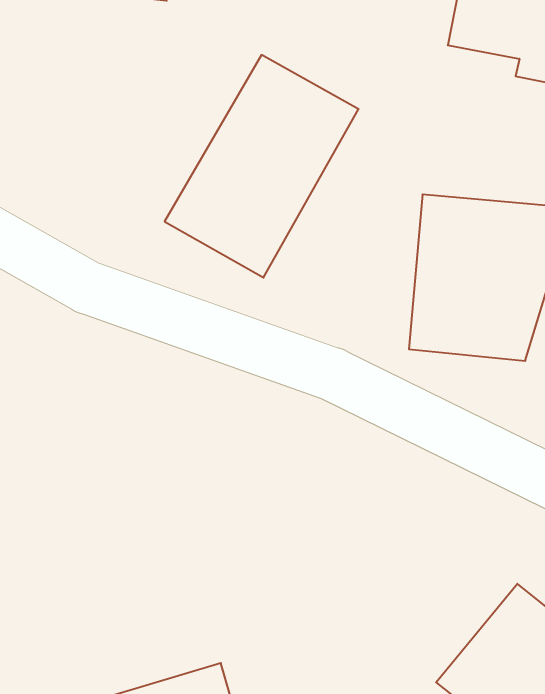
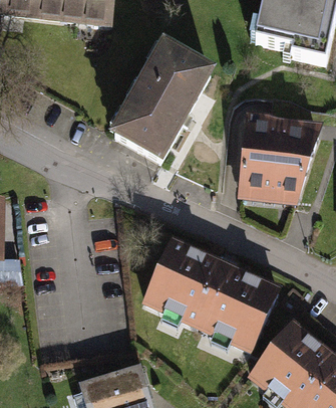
building: none -> [144,239,279,348]

